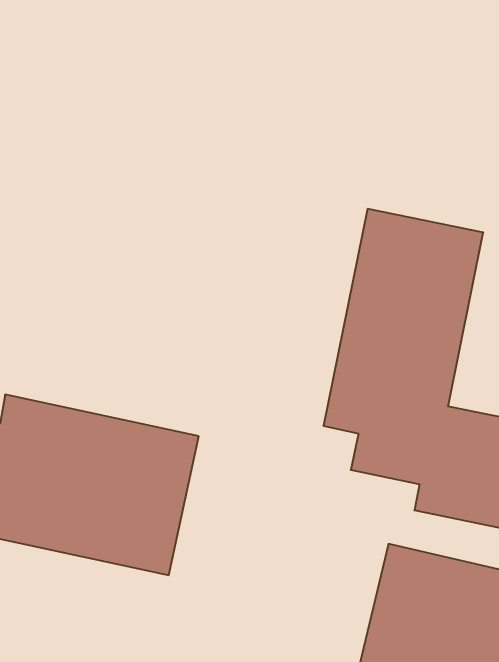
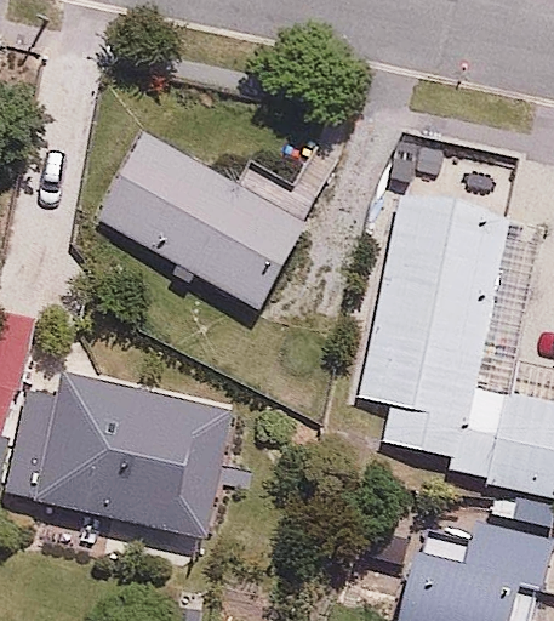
building: none -> [105,138,316,308]

